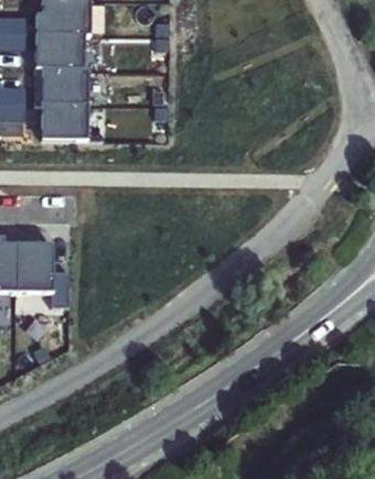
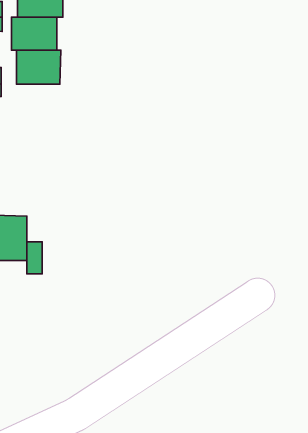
building: [42,102,88,138] -> none

